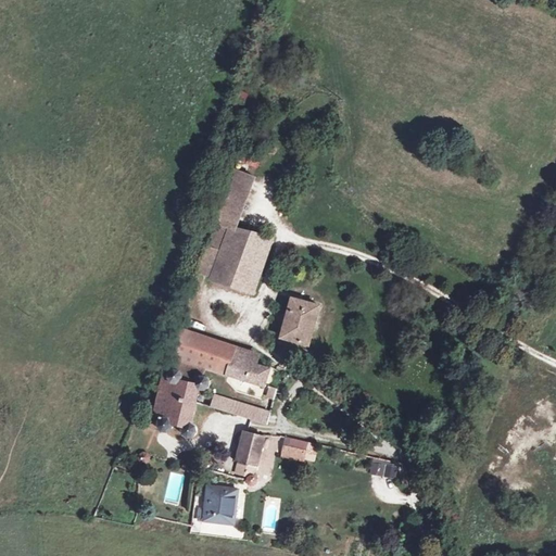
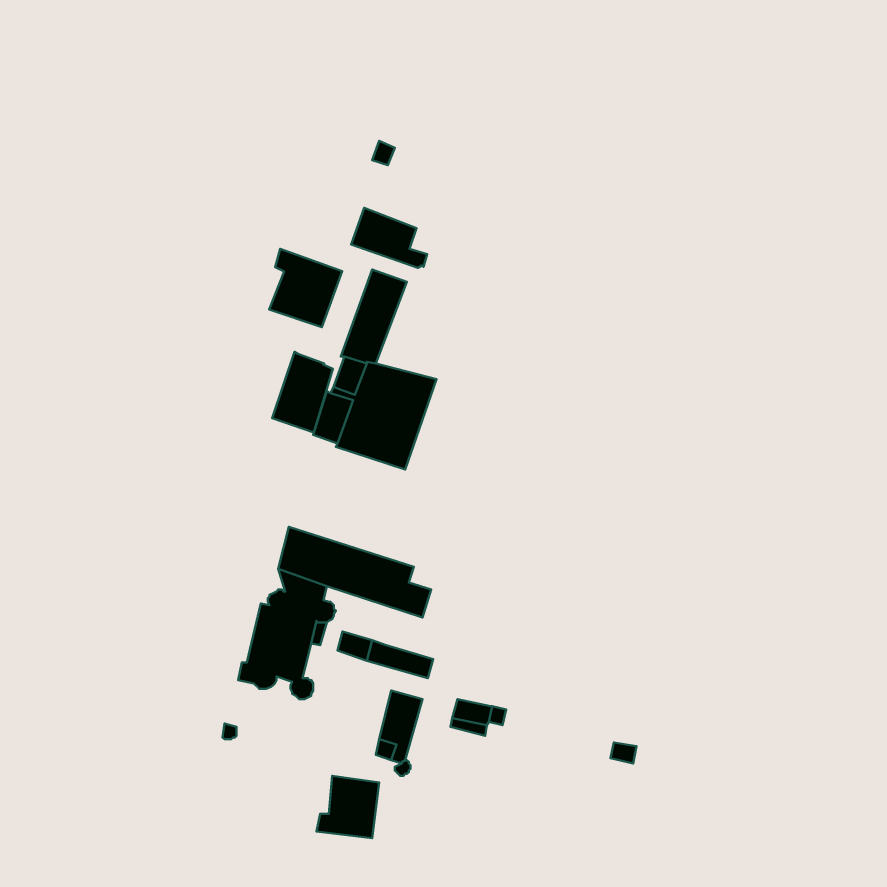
building: none -> [351,208,427,268]
building: none -> [269,249,342,327]
building: none -> [272,352,333,432]
building: [280,298,318,344] -> none

